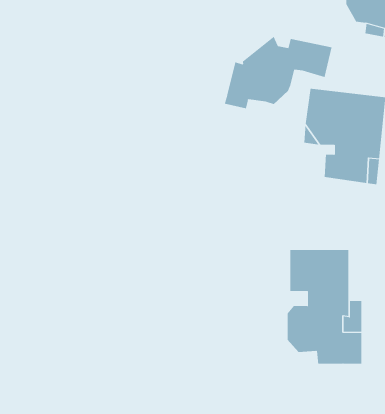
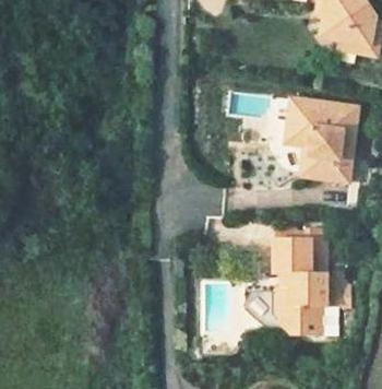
building: [224,36,332,109] -> none

